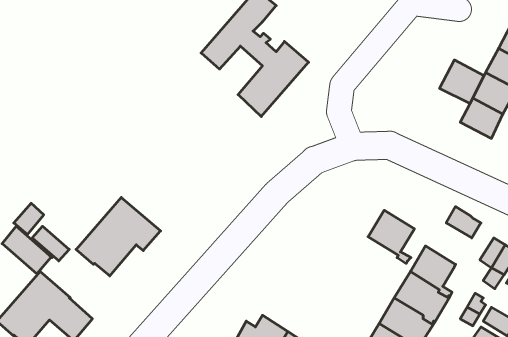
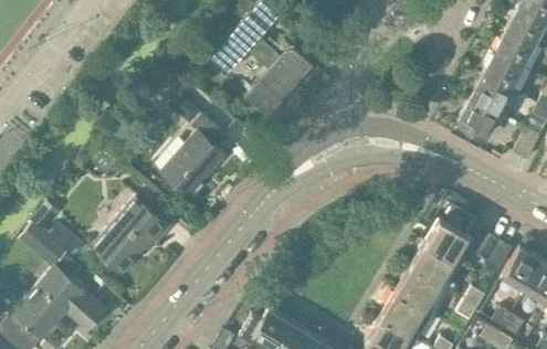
building: [440,60,484,104] -> none
building: none -> [159,115,228,198]
building: [368,210,414,263] -> [424,218,469,268]

